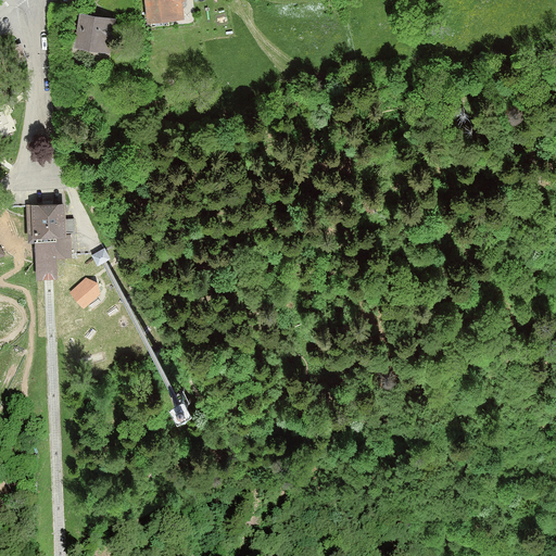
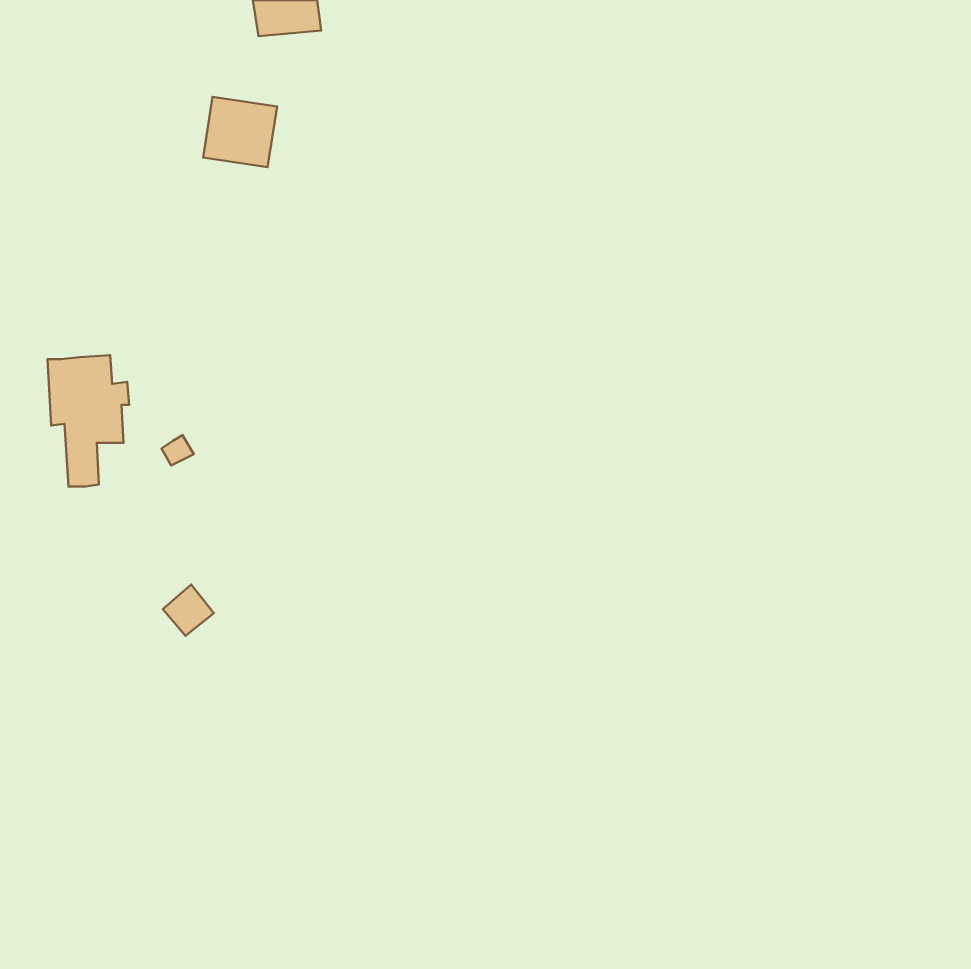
building: [74,12,116,52] -> [203,97,277,167]
building: [71,279,100,308] -> [163,585,214,636]

